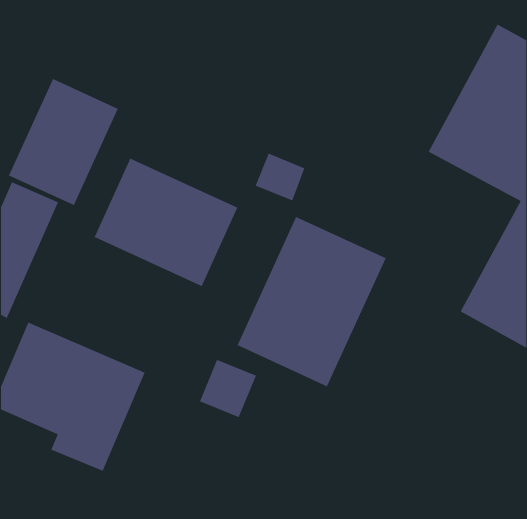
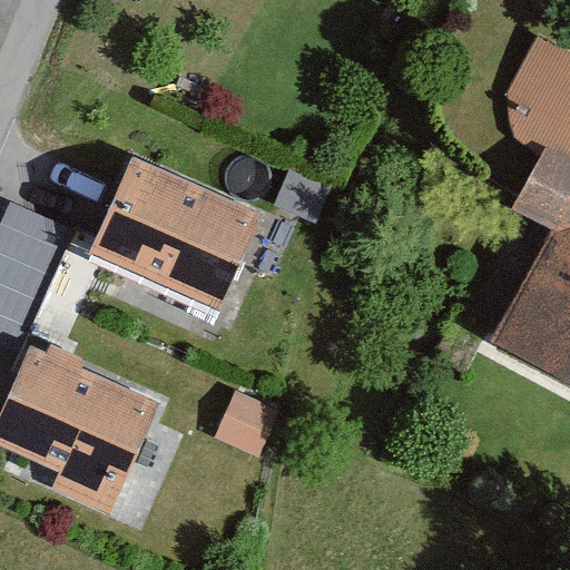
building: [8,78,119,206] -> none
building: [237,216,386,387] -> none

